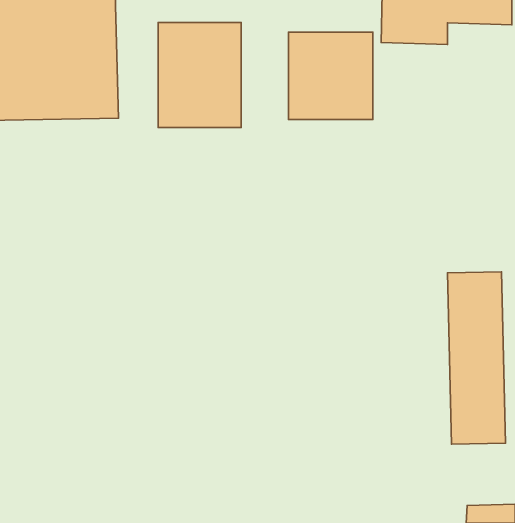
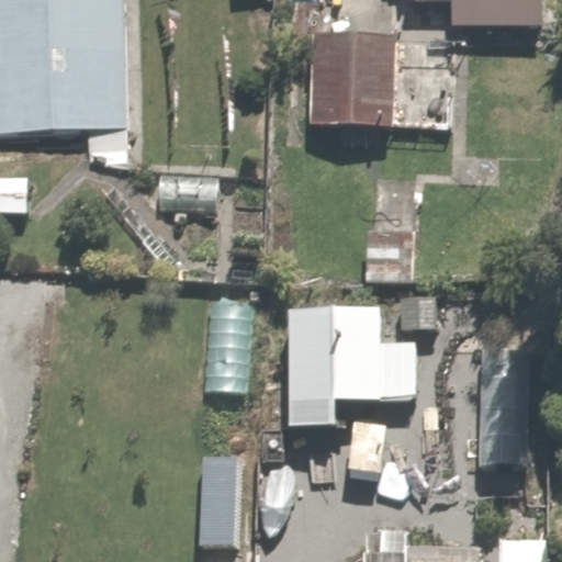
building: [158,23,241,128] -> none
building: none -> [289,303,420,432]

